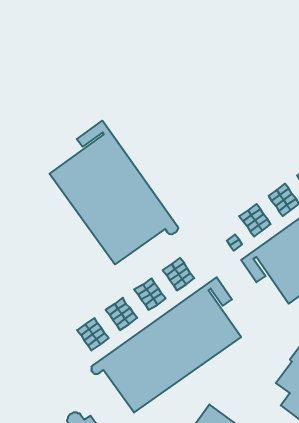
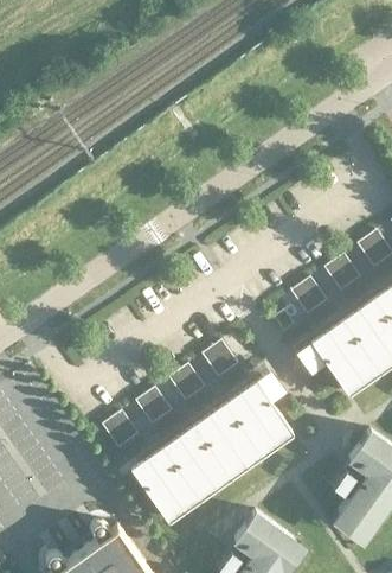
building: [50,121,178,264] -> none

